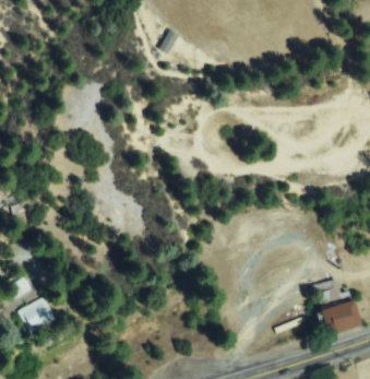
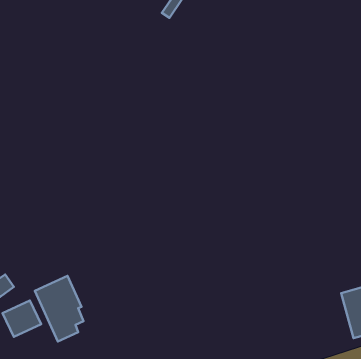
building: none -> [35,276,83,342]

